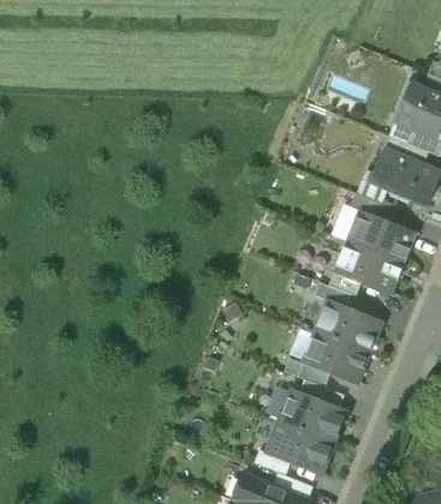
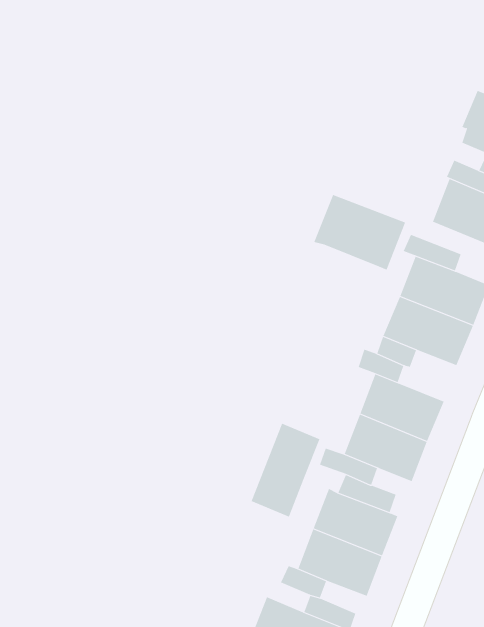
building: none -> [314,194,406,270]
building: none -> [251,423,320,518]

